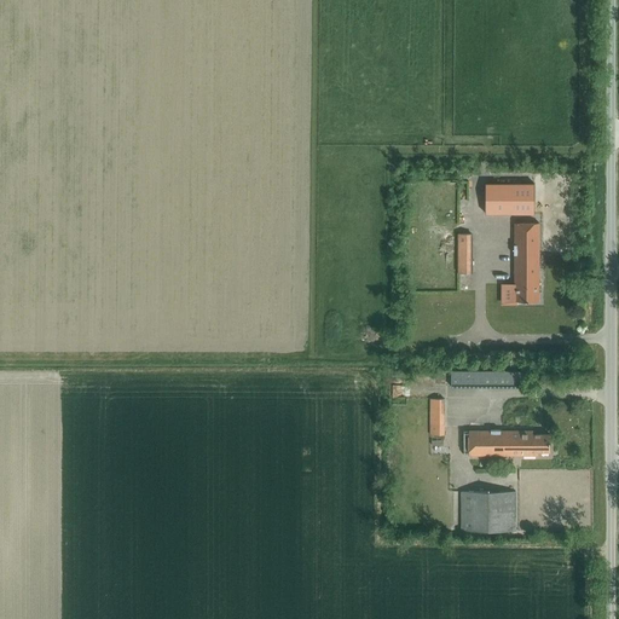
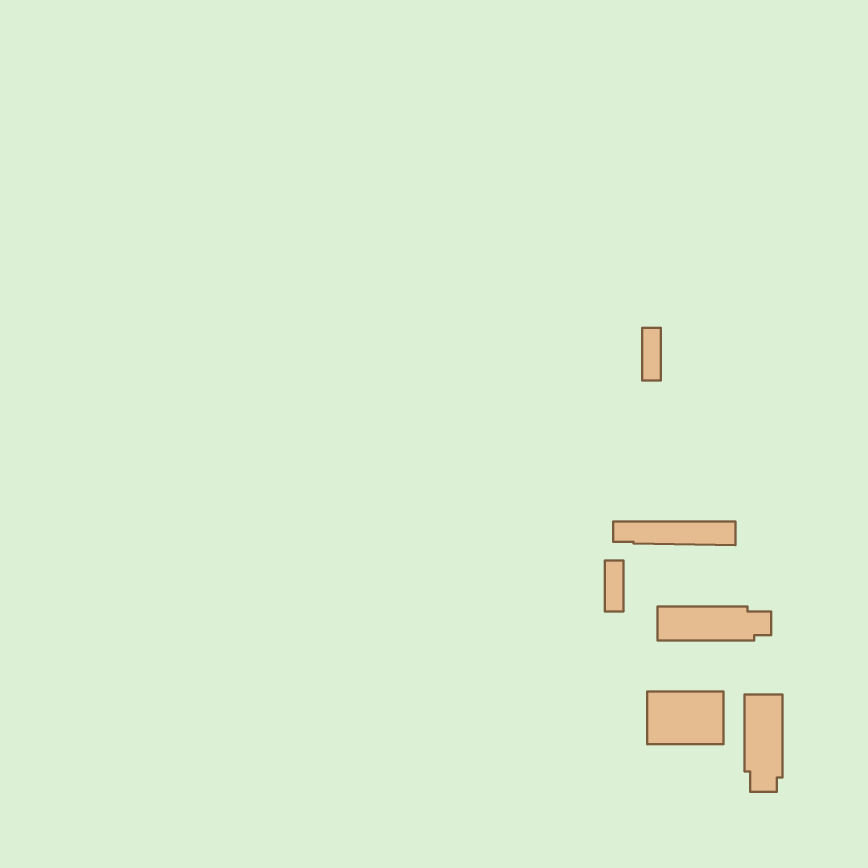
building: [485,179,534,214] -> none
building: [514,224,538,301] -> none
building: none -> [744,695,783,792]

